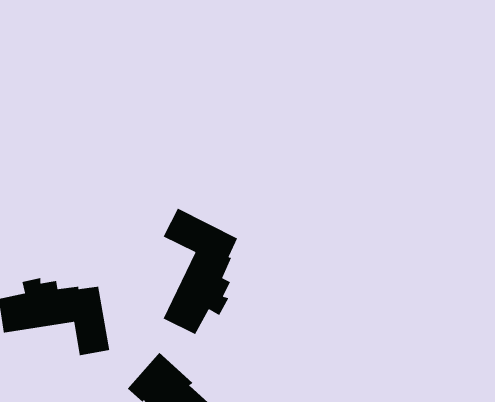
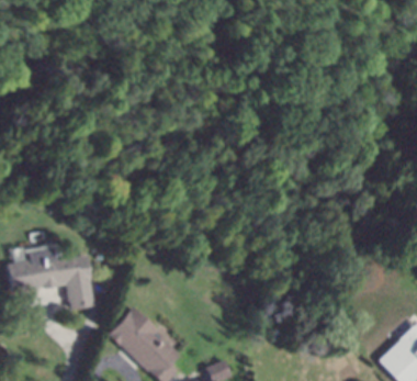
building: [162,208,238,335] -> none

